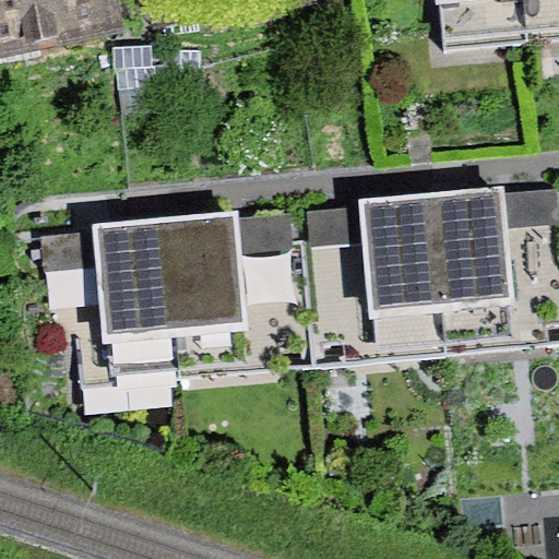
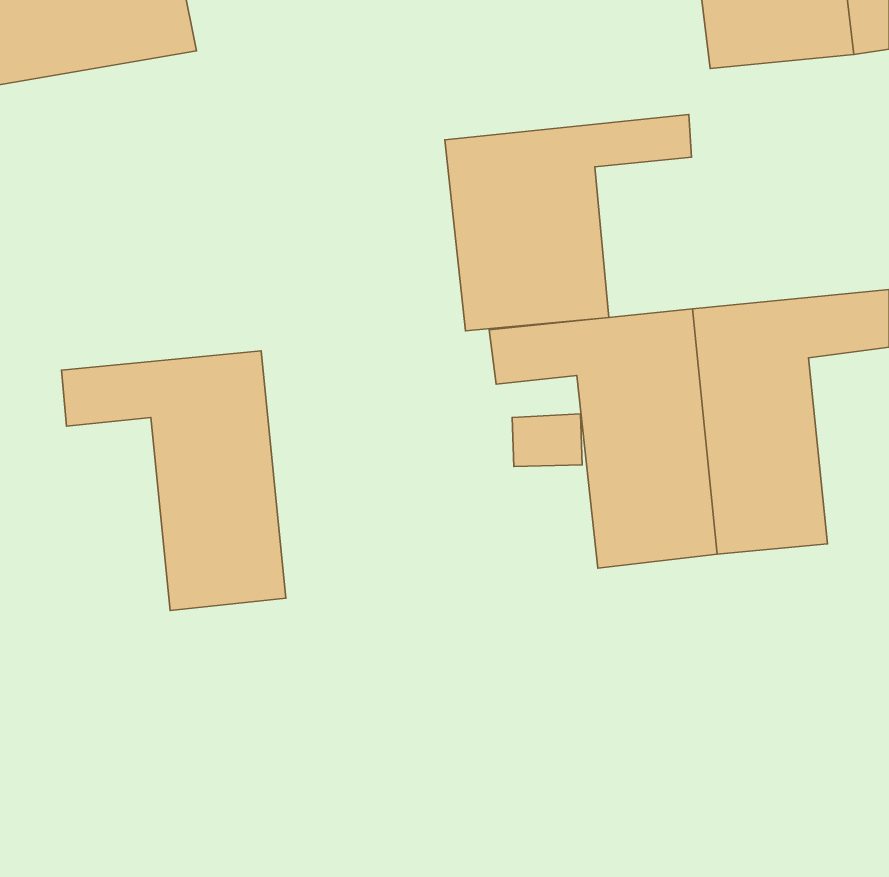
building: none -> [445,115,692,331]
building: [163,206,288,372] -> none

